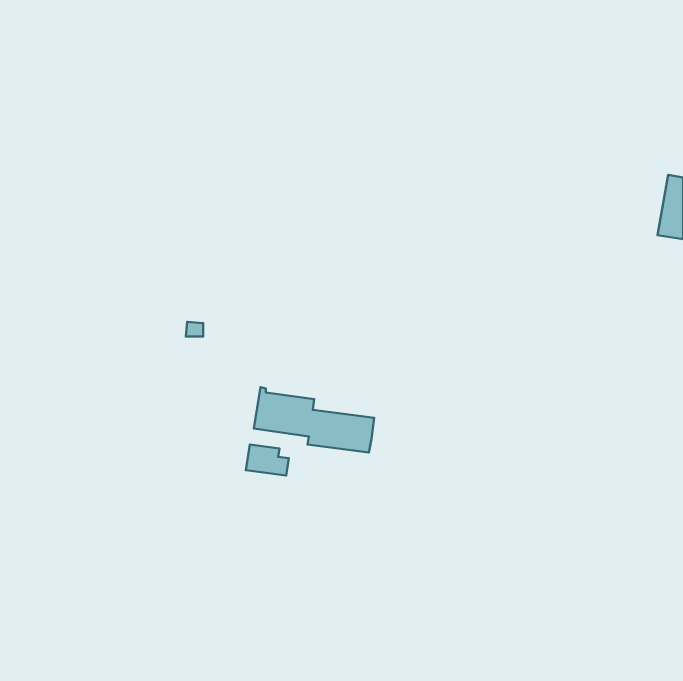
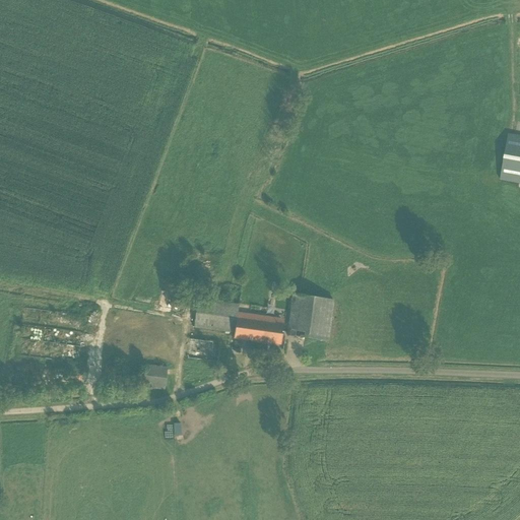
building: none -> [286,294,333,340]
building: none -> [141,364,167,389]

